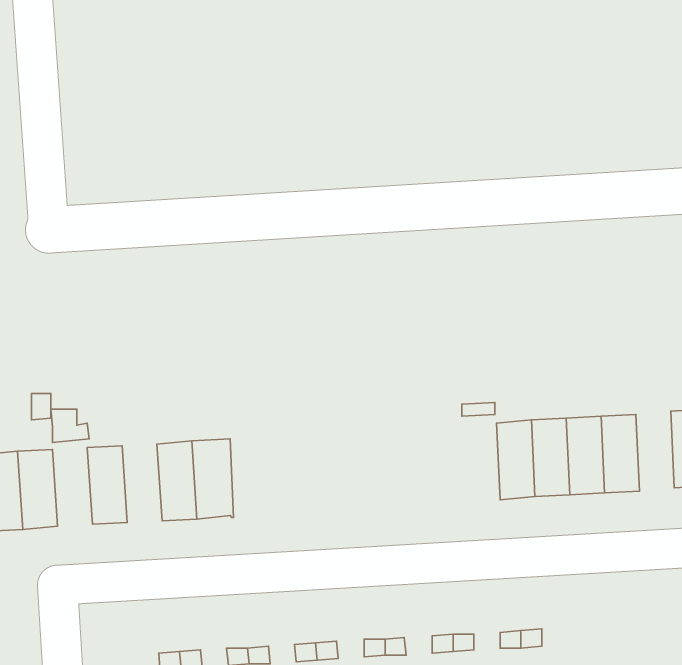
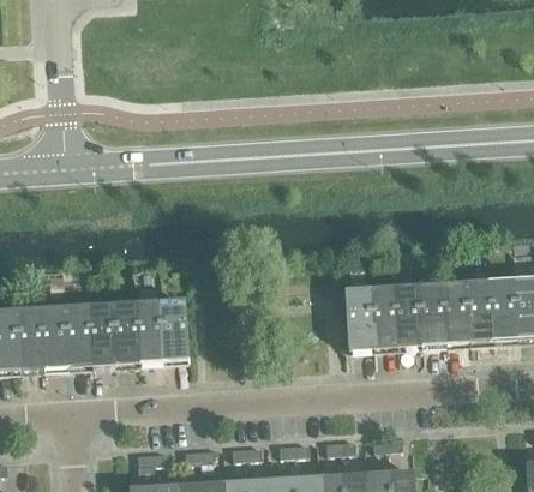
building: none -> [466,284,492,340]
building: none -> [344,293,372,348]
building: none -> [112,307,139,361]
building: none -> [64,310,91,364]

